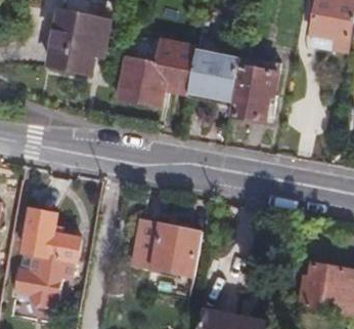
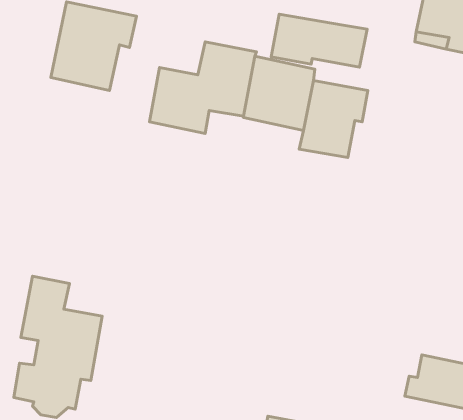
building: none -> [271,14,367,67]
building: [133,221,203,274] -> none

